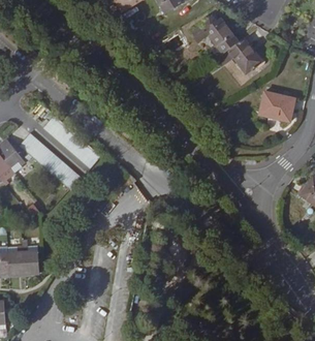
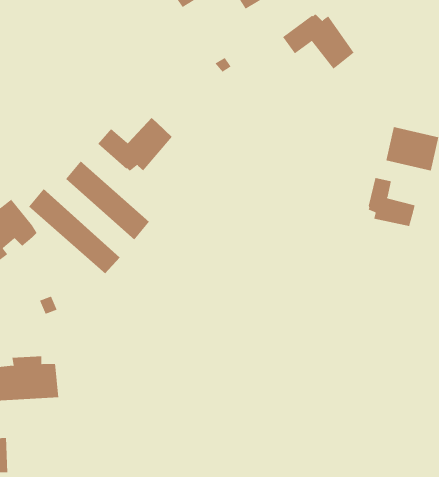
building: [228,37,262,72] -> none
building: none -> [98,117,173,171]
building: none -> [368,177,415,227]

